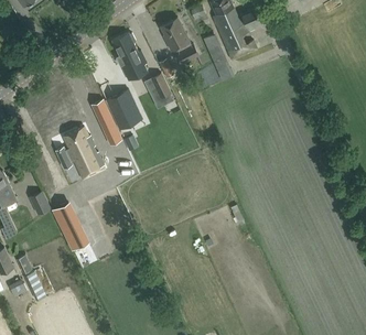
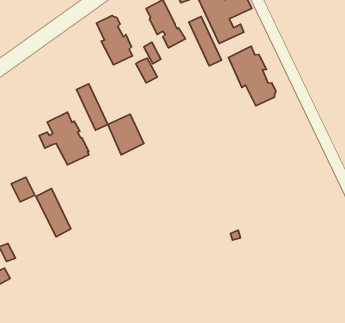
building: none -> [229,46,276,106]
building: [106,90,141,130] -> [108,114,144,155]

